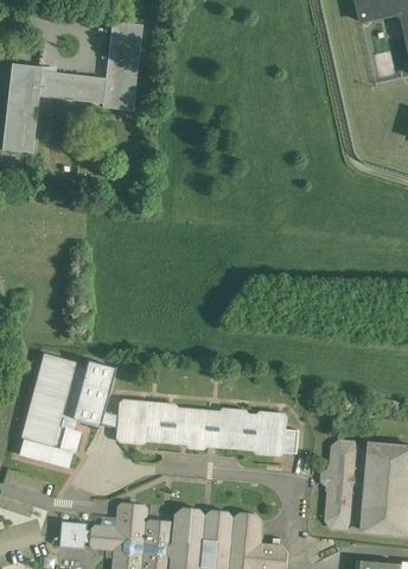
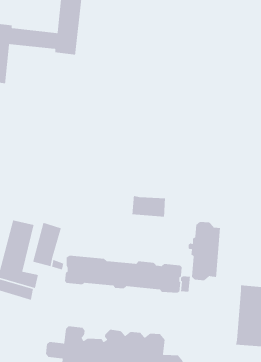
building: none -> [132,195,166,218]
building: [323,442,370,529] -> [188,221,221,281]
building: [58,518,88,545] -> none

